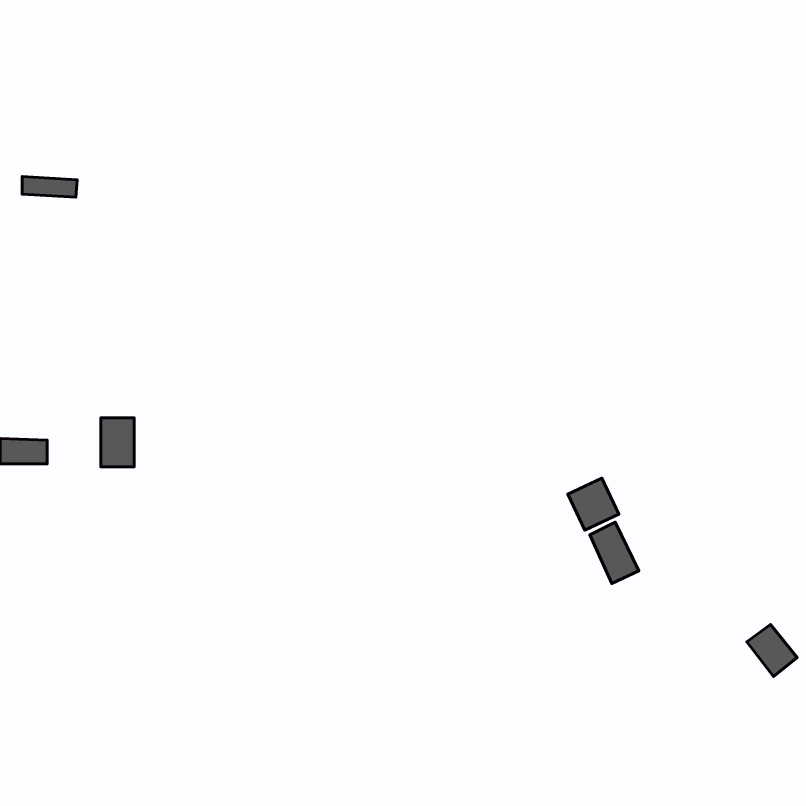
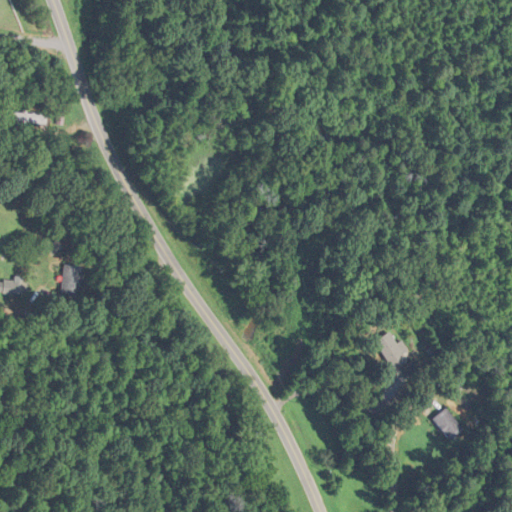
building: [568,478,619,530] -> none
building: [747,624,797,676] -> [430,407,462,440]

